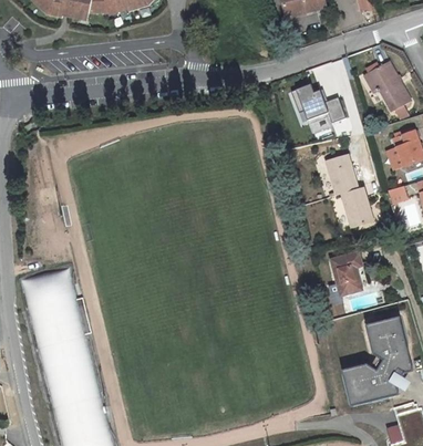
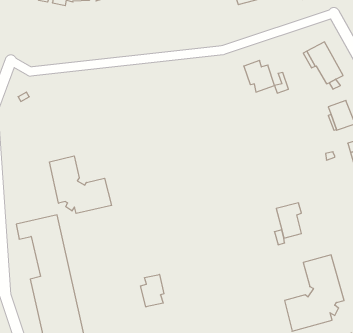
building: [324,154,372,227] -> none
building: none -> [50,156,112,213]
building: none -> [141,274,164,307]

